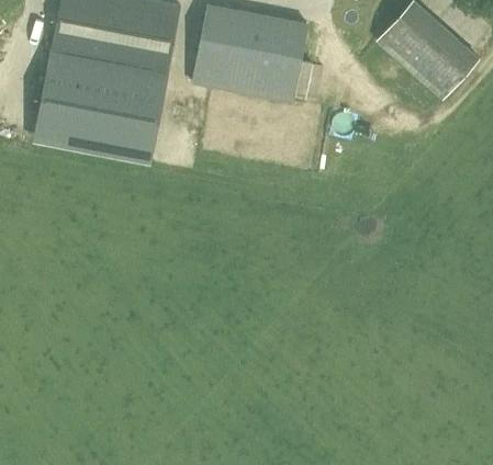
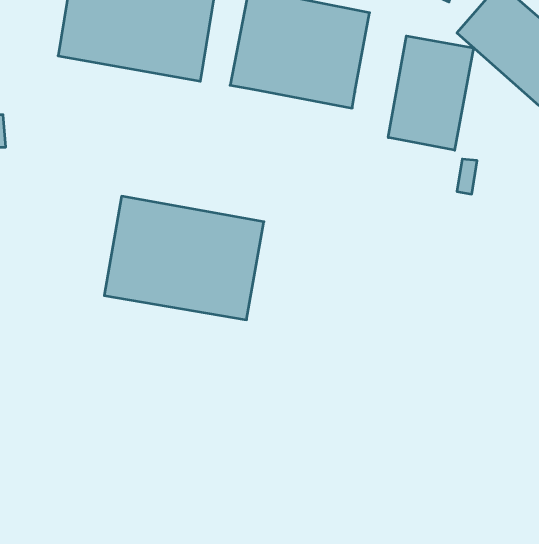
building: none -> [388,36,474,150]
building: [36,58,167,159] -> [104,196,264,320]

